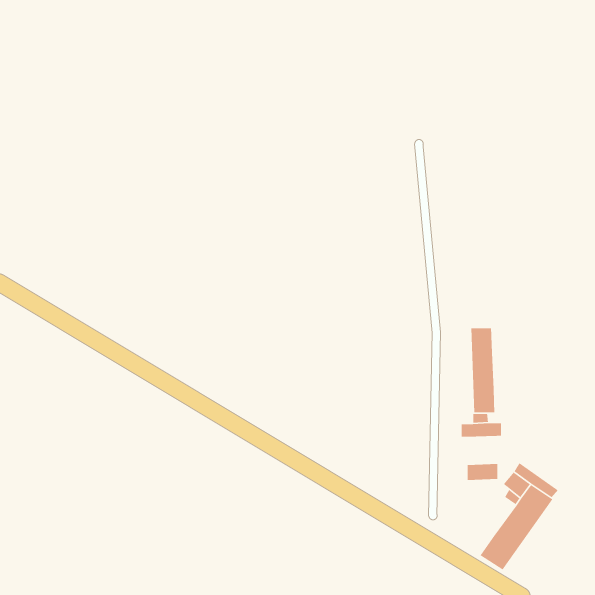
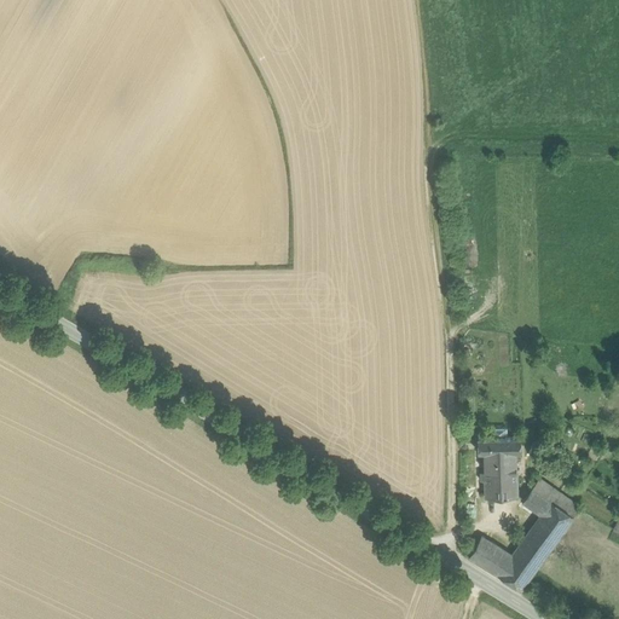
building: [471,328,495,413] -> none
building: none -> [480,453,516,482]
building: none -> [468,538,511,577]

